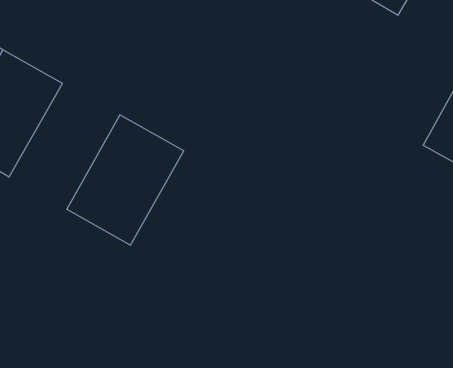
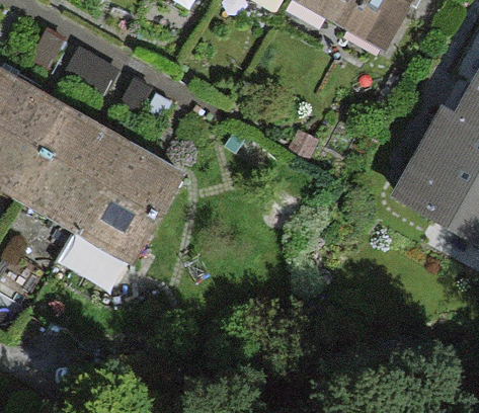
building: none -> [20,113,124,231]

